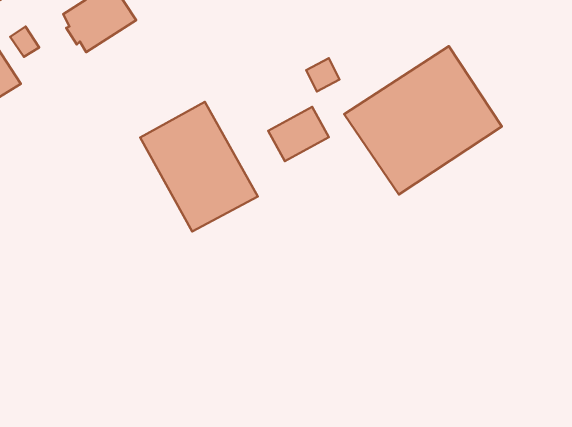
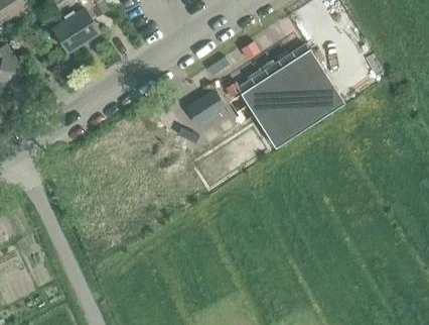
building: [140,102,258,232] -> none

